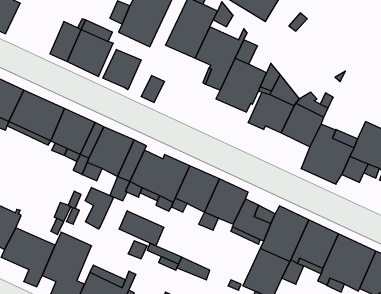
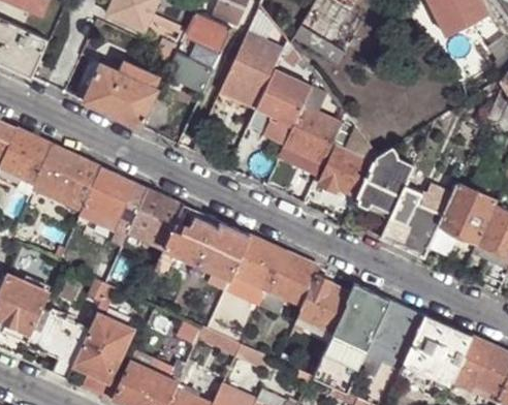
building: [103,49,141,90] -> none
building: [85,187,113,229] -> none
building: [119,211,164,246] -> none

